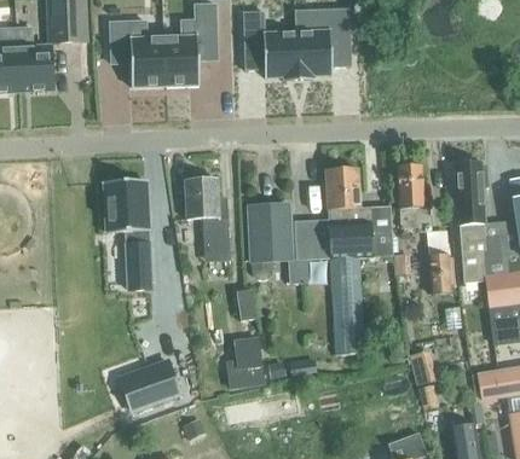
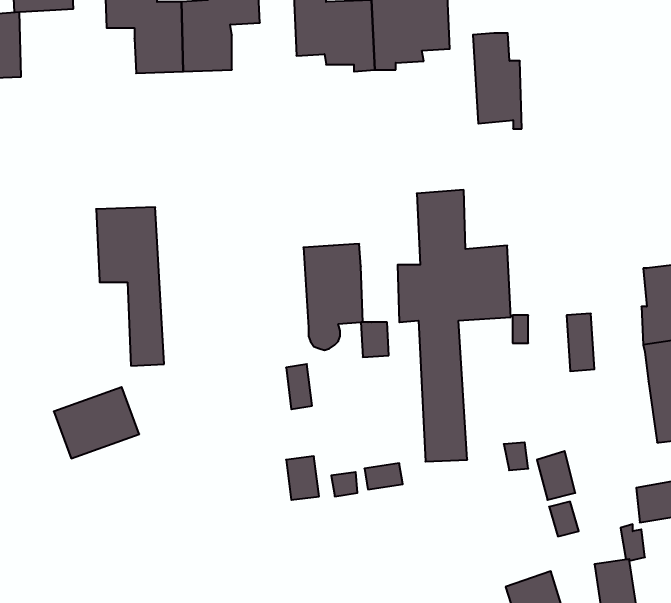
building: [456,158,487,281] -> none
building: [397,164,431,231] -> [473,33,522,129]
building: [185,176,230,258] -> none
building: [294,219,314,258] -> none
building: [120,360,179,409] -> [54,387,139,458]

